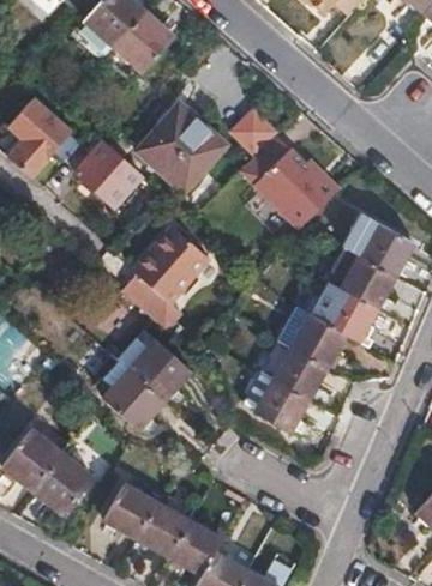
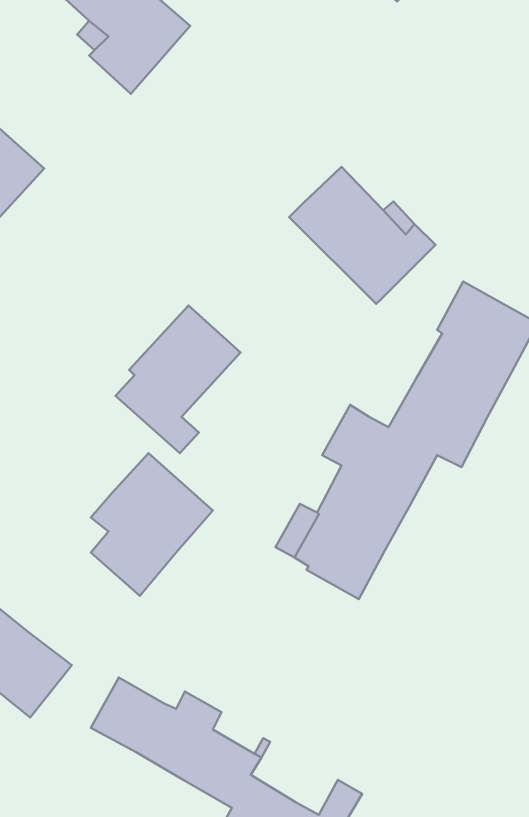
building: [138,104,223,189] -> none
building: [226,105,278,158] -> none
building: [77,141,142,205] -> none

